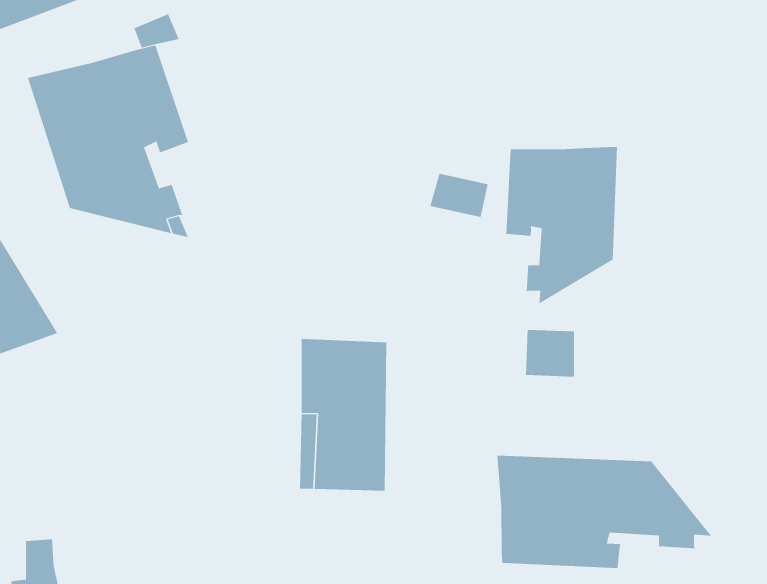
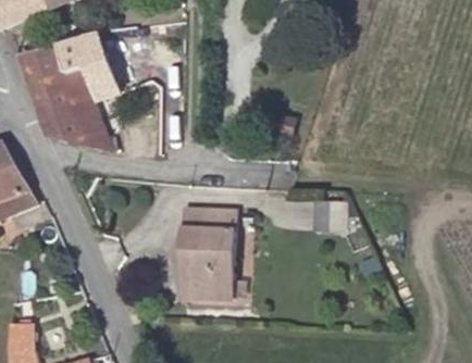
building: [506,146,618,304] -> none
building: [497,455,712,569] -> none

